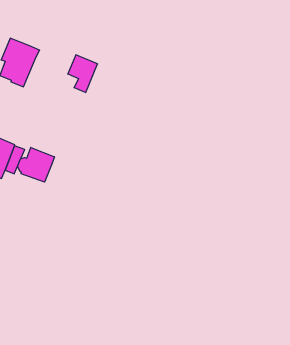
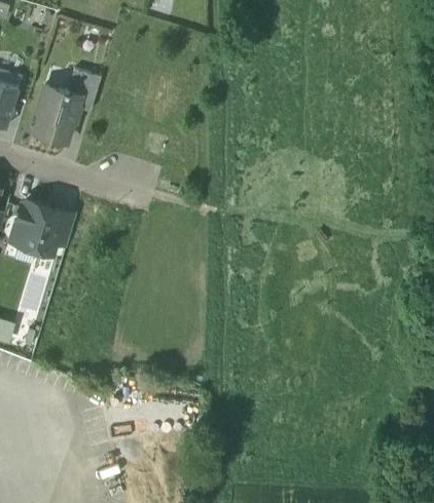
building: [68,55,98,92] -> [67,70,101,113]
building: [17,147,54,182] -> none

